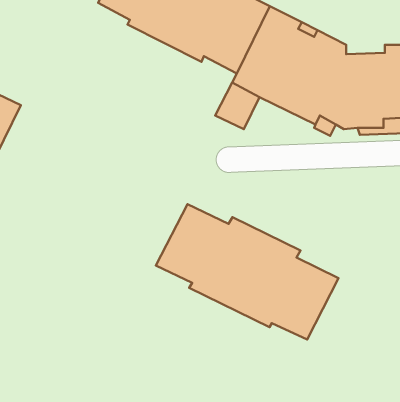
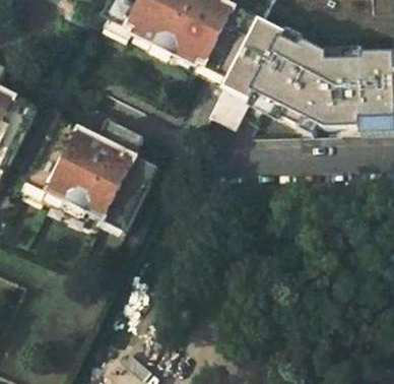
building: none -> [26,114,149,225]
building: [156,204,338,340] -> none

